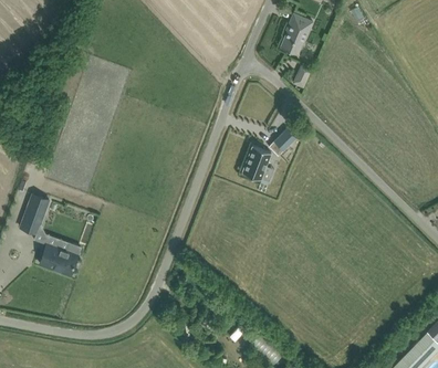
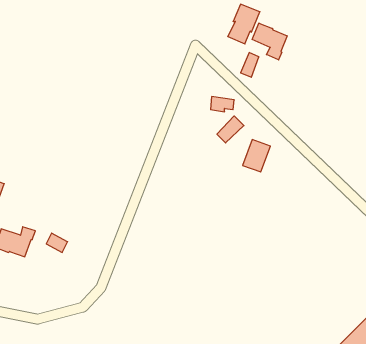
building: none -> [252,23,287,60]
building: [241,146,270,179] -> [243,140,270,172]

